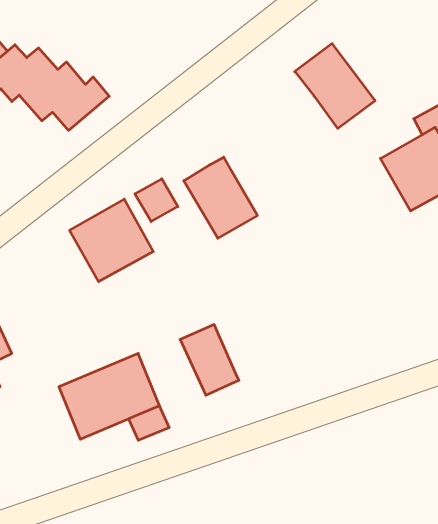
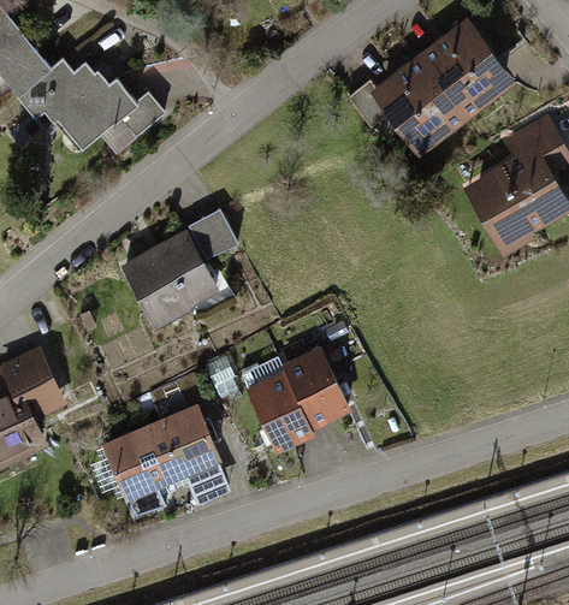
building: none -> [415,22,509,120]
building: none -> [346,81,395,131]
building: [184,157,257,238] -> none
building: none -> [280,351,342,427]

